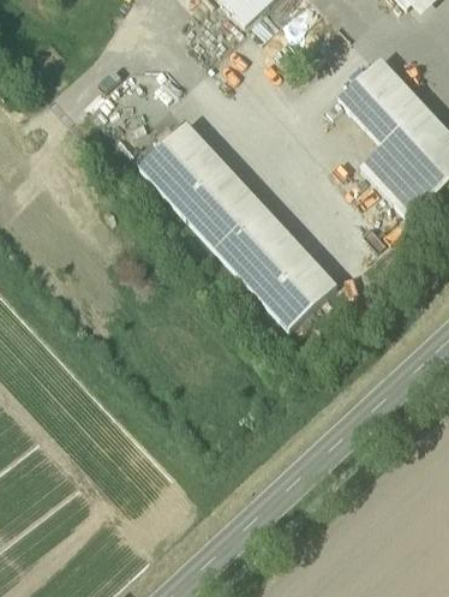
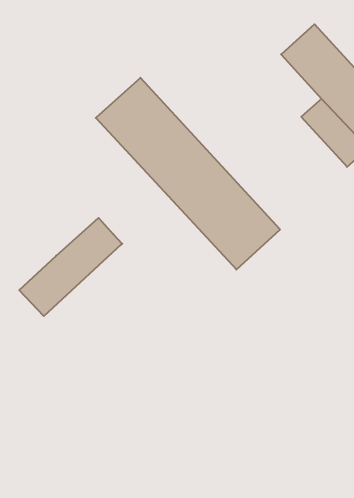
building: none -> [19,218,122,316]

